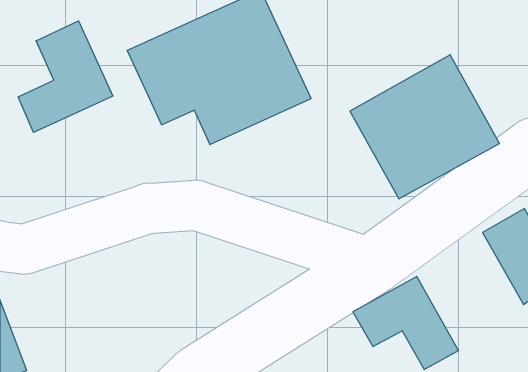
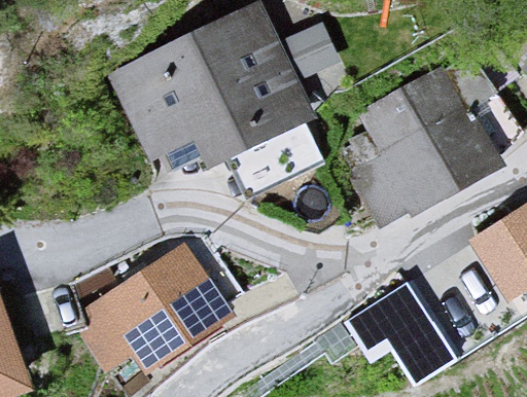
building: [18,21,113,132] -> none
building: none -> [99,242,225,359]

